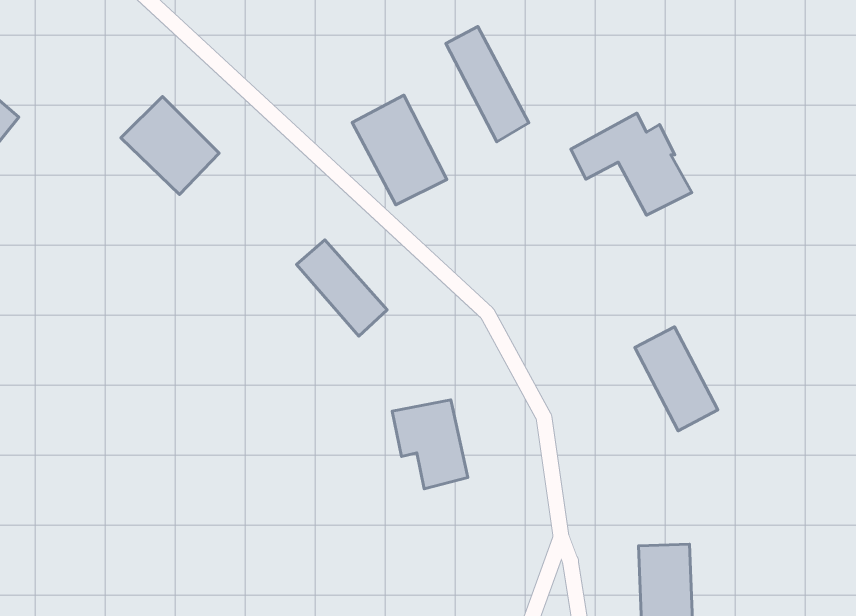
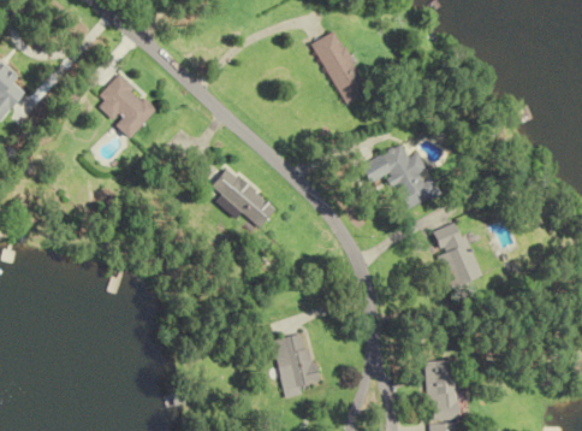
building: [352,95,447,205] -> none
building: [571,113,692,215] -> [357,144,434,209]
building: [392,400,468,489] -> [268,332,316,389]

